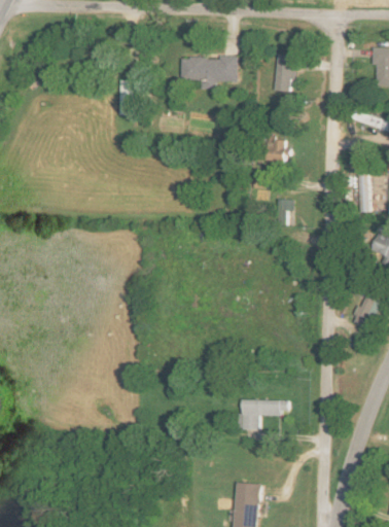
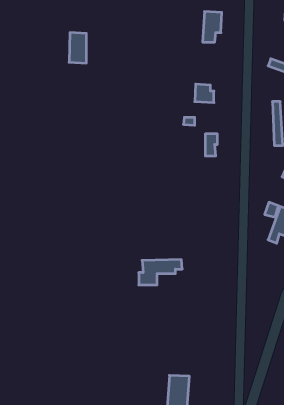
building: [180,57,237,90] -> none
building: [236,399,287,429] -> [139,260,182,285]

